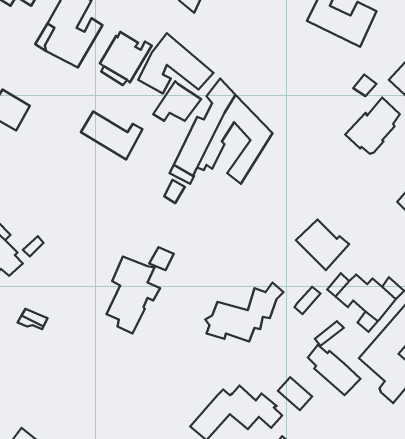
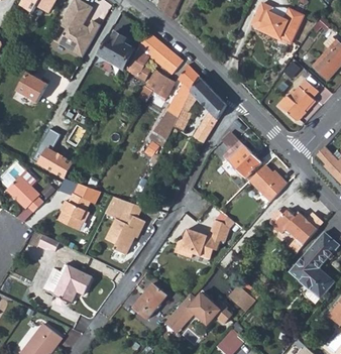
building: [81,111,142,159] -> [31,142,77,178]
building: none -> [221,130,261,178]
building: none -> [60,183,100,228]
building: none -> [51,259,91,301]
building: [308,345,361,395] -> none
building: none -> [132,282,166,319]

